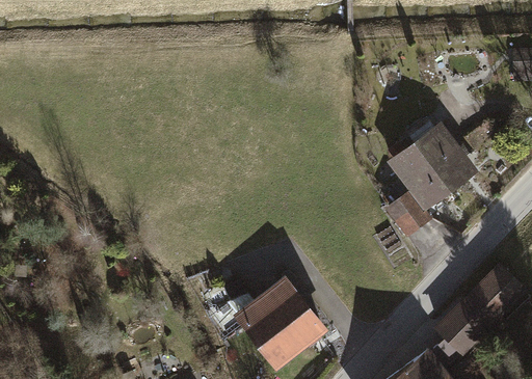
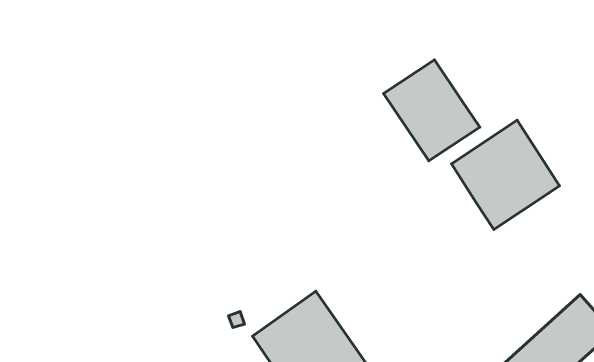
building: none -> [383,60,480,161]
building: [383,191,431,240] -> none

